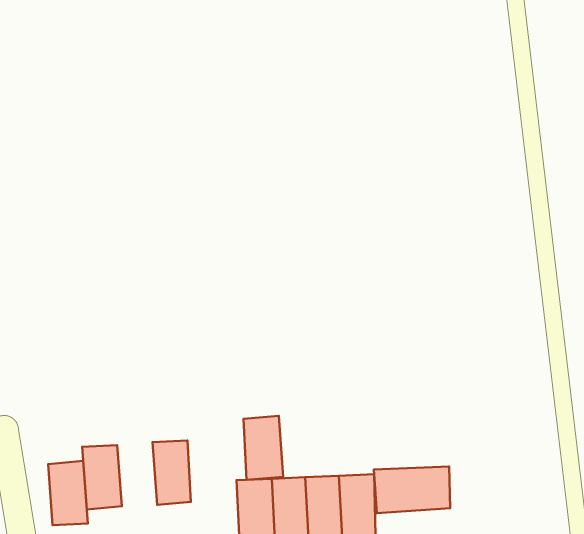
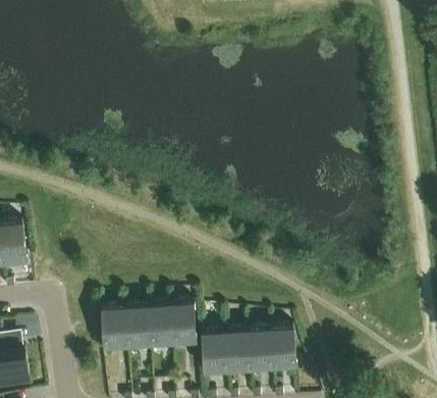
building: [244,416,283,480] -> [171,302,198,345]
building: [48,461,88,525] -> [124,305,151,348]
building: [374,466,450,513] -> none

